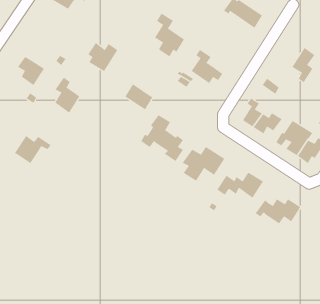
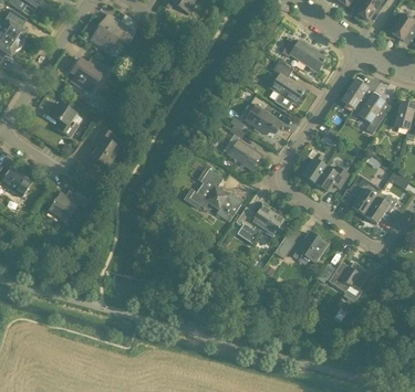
building: [154,13,185,57] -> [271,60,305,109]
building: none -> [342,78,369,118]
building: [88,42,118,72] -> [72,59,106,92]
building: [125,84,153,110] -> [229,139,261,169]

